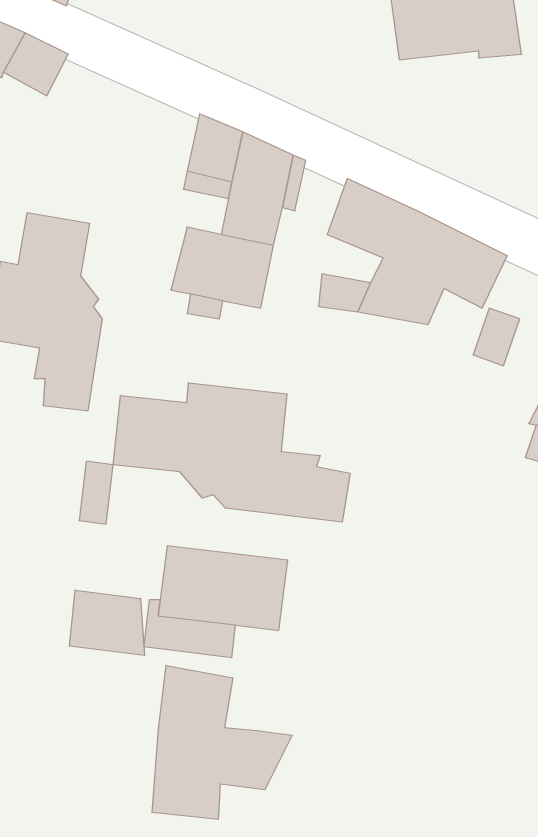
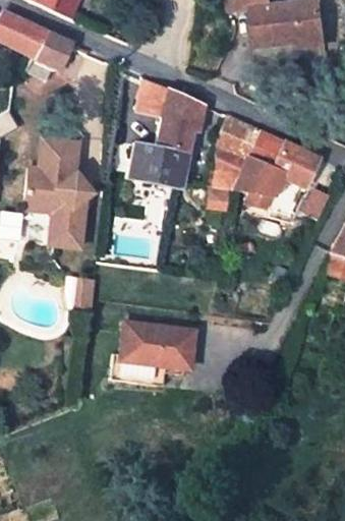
building: [113,383,350,522] -> none
building: [69,590,144,655] -> none
building: [152,665,292,819] -> none

